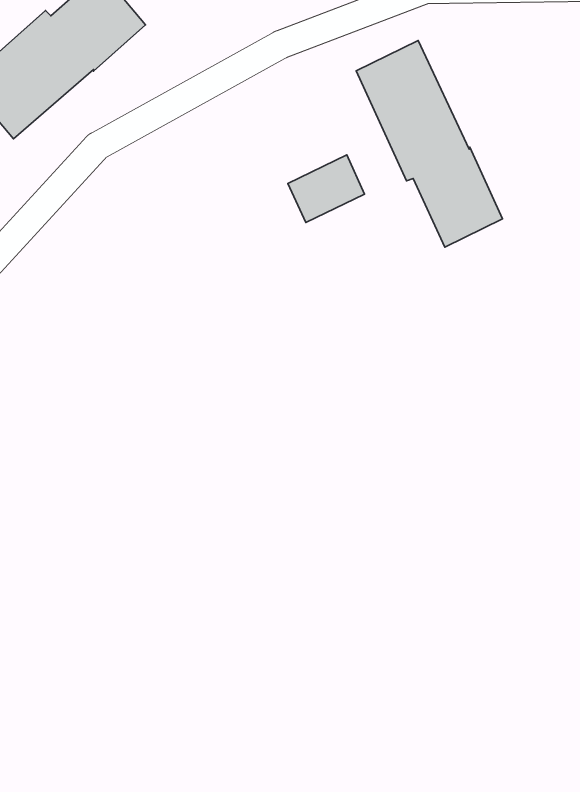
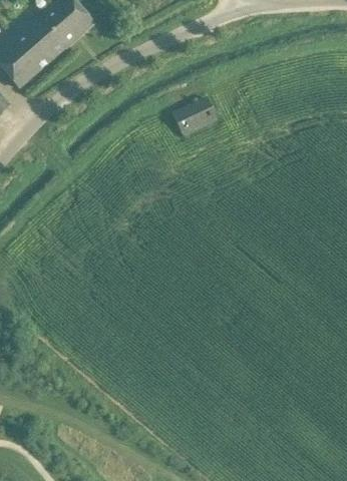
building: [356,41,502,247] -> none

